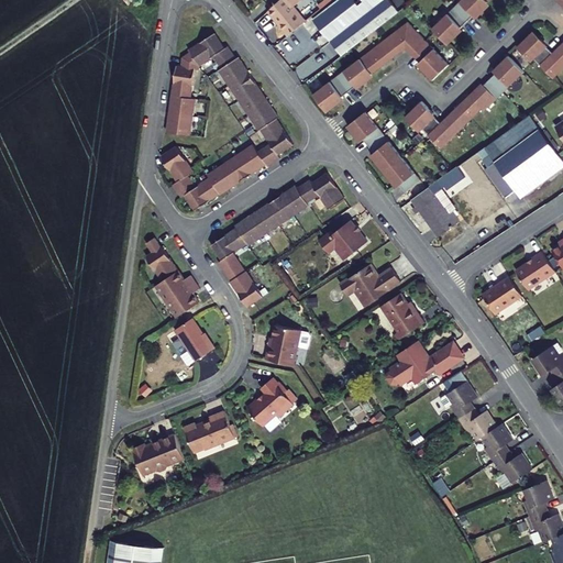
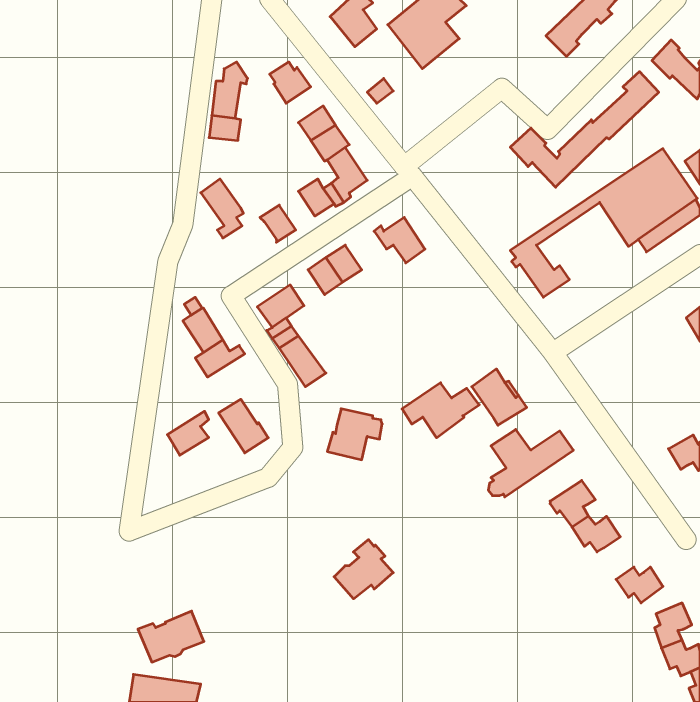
building: [317,22,453,113] -> none
building: [188,31,231,63] -> none
building: [229,69,258,98] -> none
building: [165,110,190,131] -> none
building: [351,112,422,194] -> none
building: [223,153,252,184] -> none
building: [178,177,221,208] -> none
building: [276,185,309,216] -> none
building: [231,216,260,245] -> none
building: [314,222,363,261] -> none
building: [511,253,551,291] -> none
building: [336,264,398,308] -> [402,383,479,438]
building: [476,277,517,316] -> none
building: [166,283,199,318] -> [167,411,209,455]
building: [242,379,289,427] -> [334,540,393,599]
building: [180,410,231,451] -> none
building: [483,424,511,463] -> none
building: [129,432,181,473] -> [138,611,204,662]

